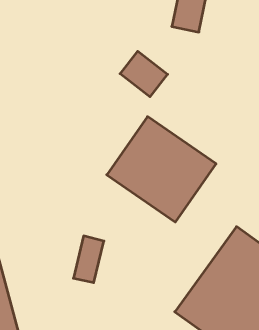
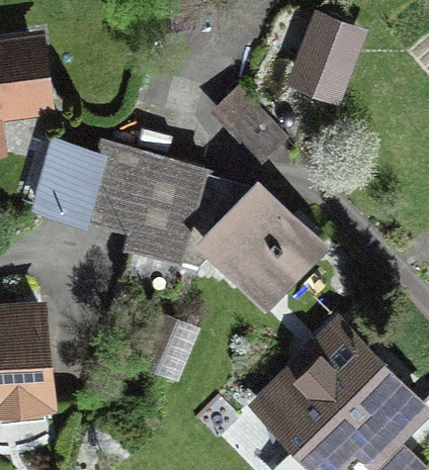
building: none -> [78,133,199,242]

